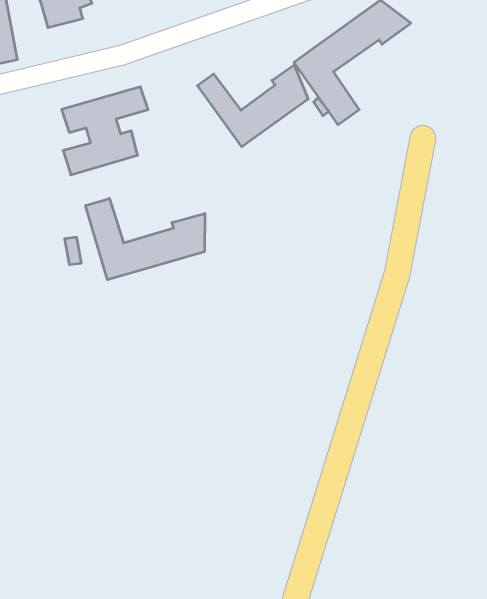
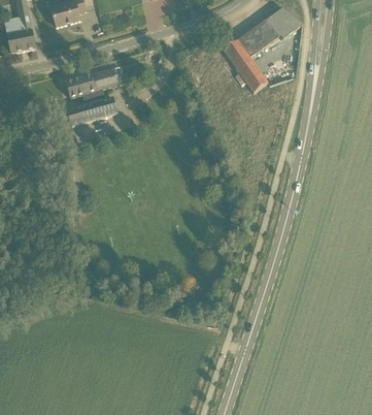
building: [197,65,308,147] -> none
building: [86,198,205,280] -> none

